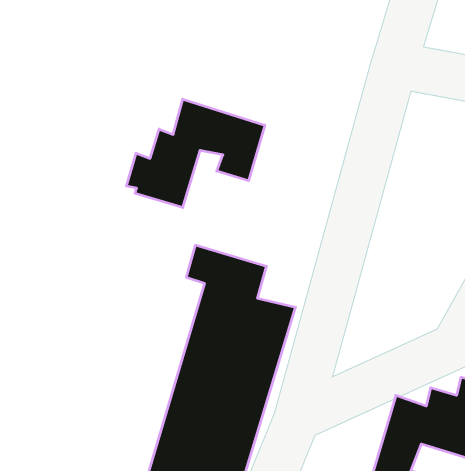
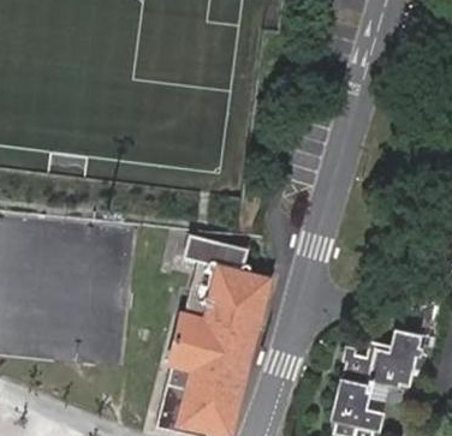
building: [126,99,265,208] -> none

